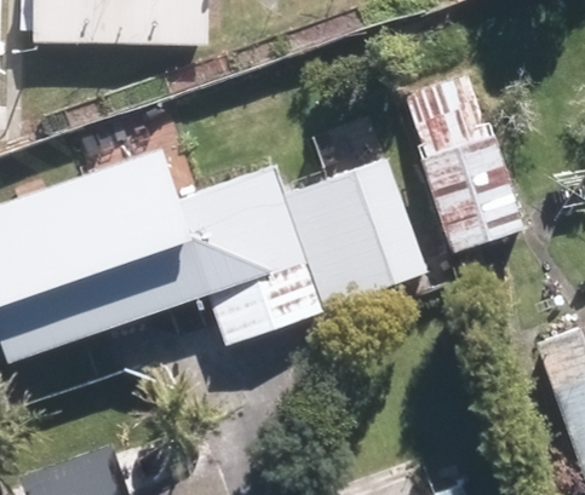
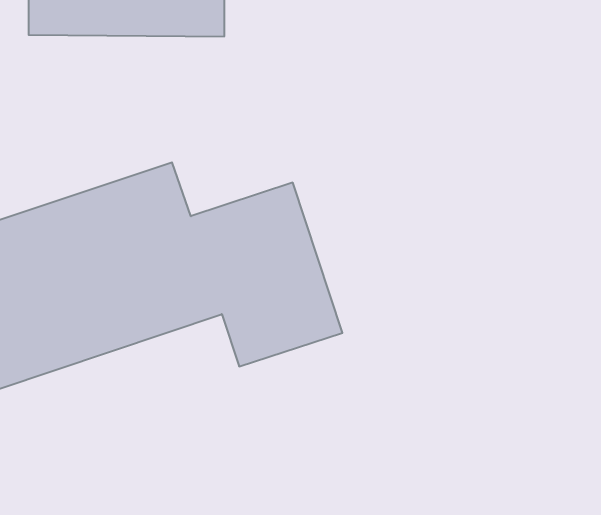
building: [412,115,516,251] -> none
building: [283,159,426,307] -> none

